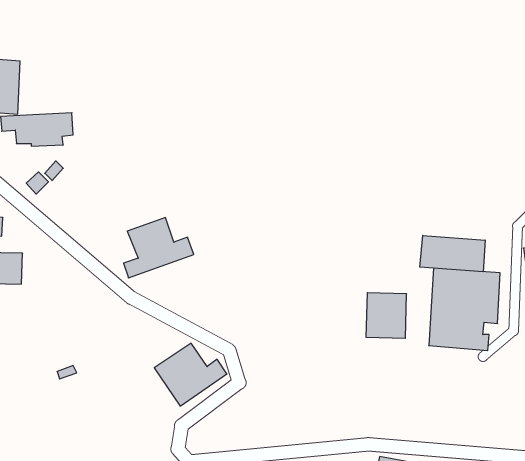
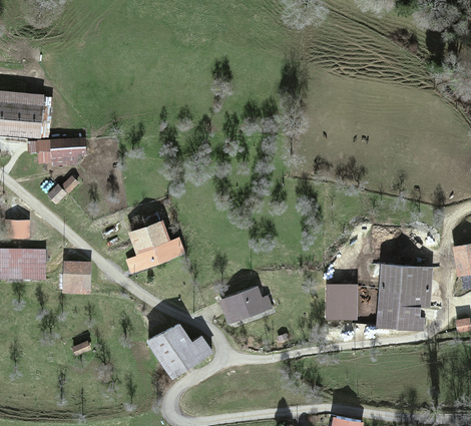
building: [420,235,485,272] -> none
building: none -> [63,262,89,292]
building: none -> [228,288,273,321]

